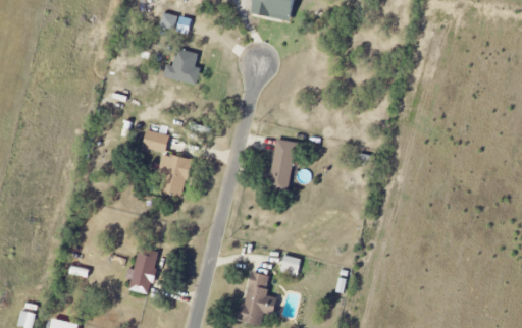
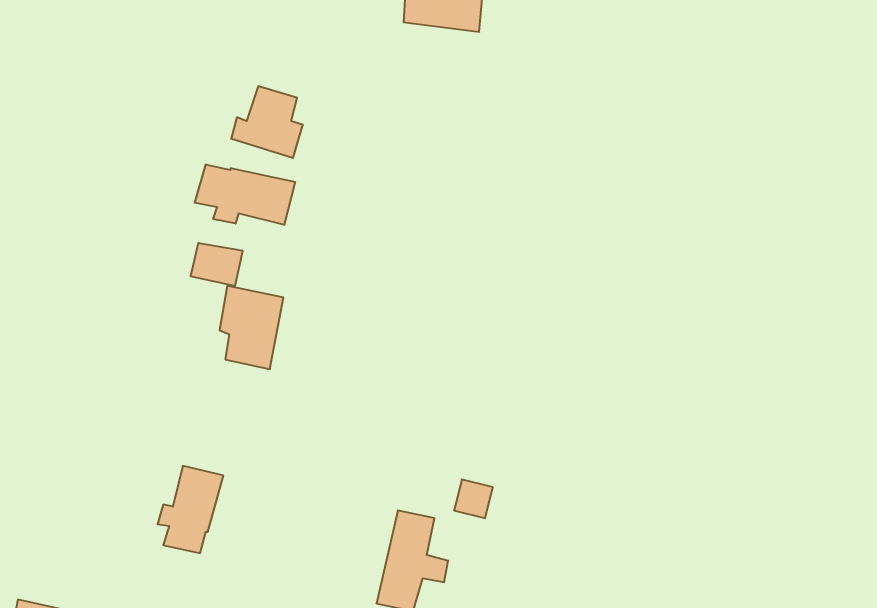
building: [159,12,191,34] -> none
building: none -> [195,164,295,225]
building: [265,139,296,183] -> none

